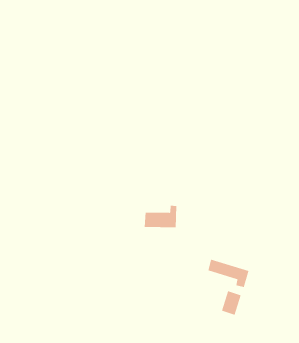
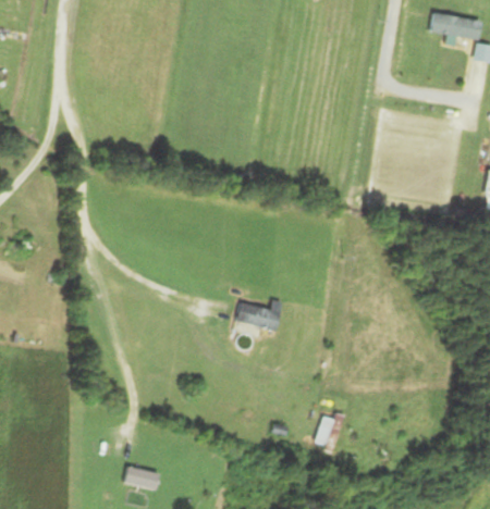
building: [208,259,249,288] -> none

